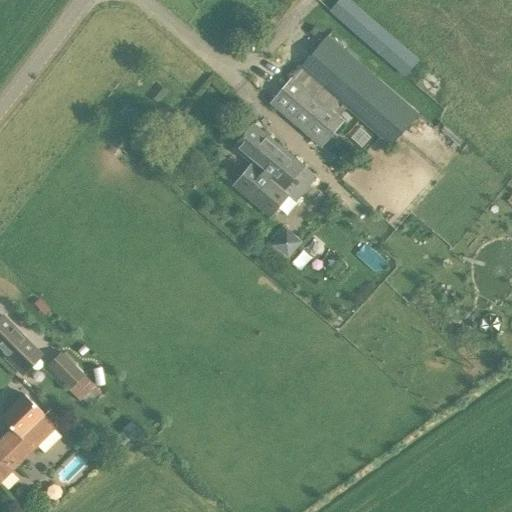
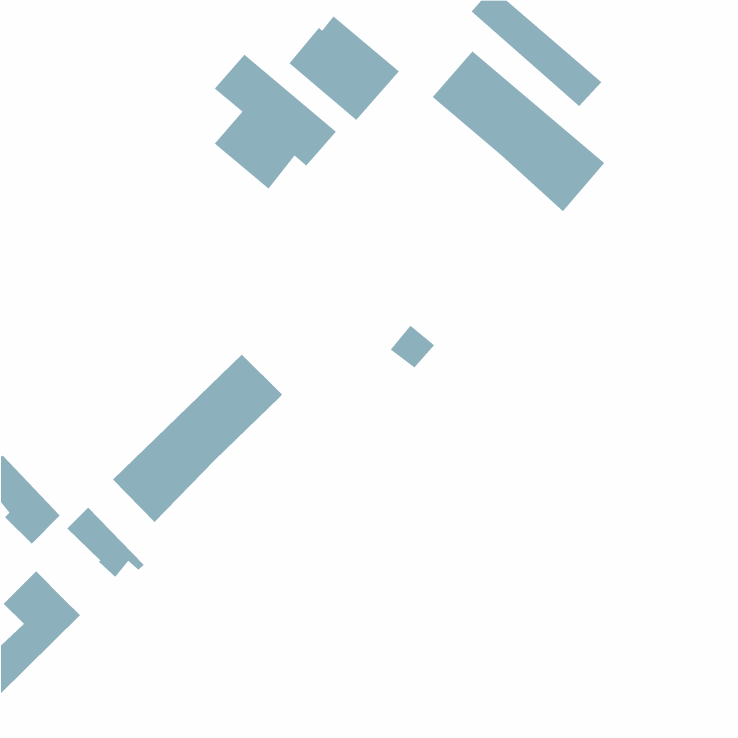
building: [270,69,347,142] -> [288,15,400,121]
building: [232,123,317,217] -> [214,54,337,190]
building: none -> [112,354,283,523]

